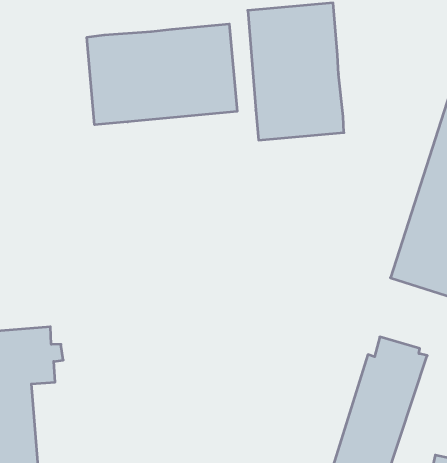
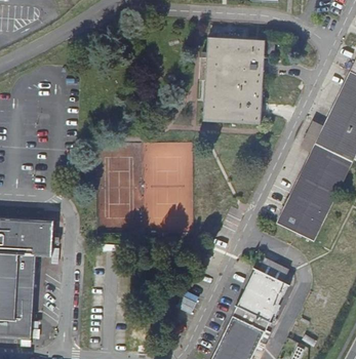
building: [87,24,237,125] -> none

